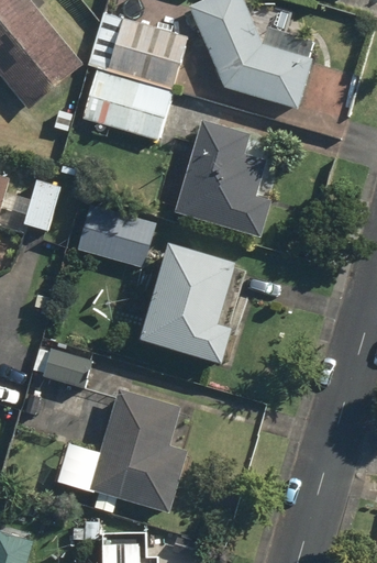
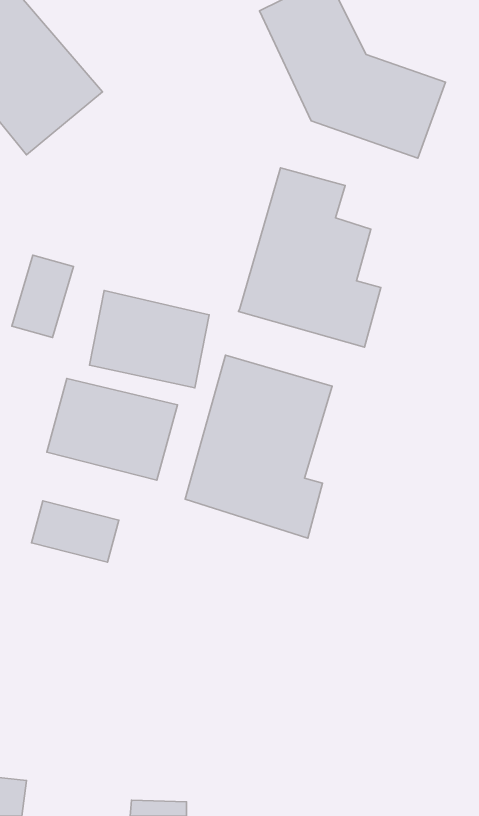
building: [82,12,188,141] -> none
building: none -> [47,378,177,480]
building: [57,388,189,514] -> none

